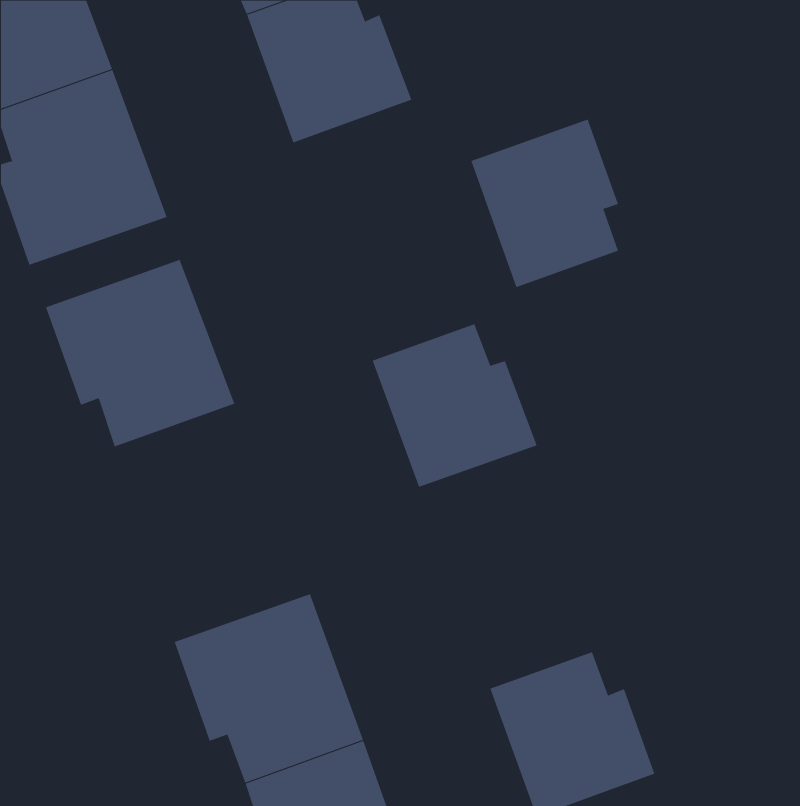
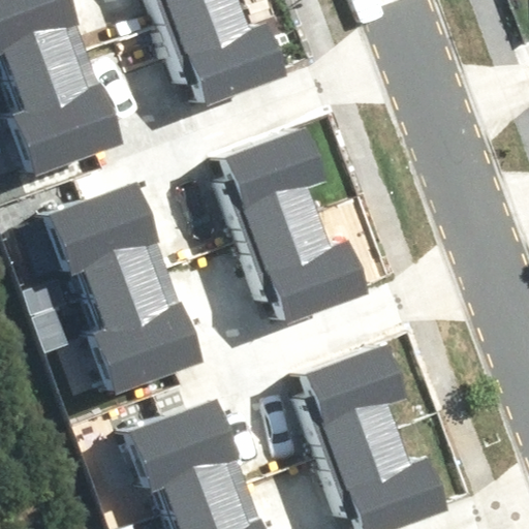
building: [471,119,619,288] -> [224,133,319,242]
building: none -> [88,270,199,397]
building: none -> [300,344,395,453]

